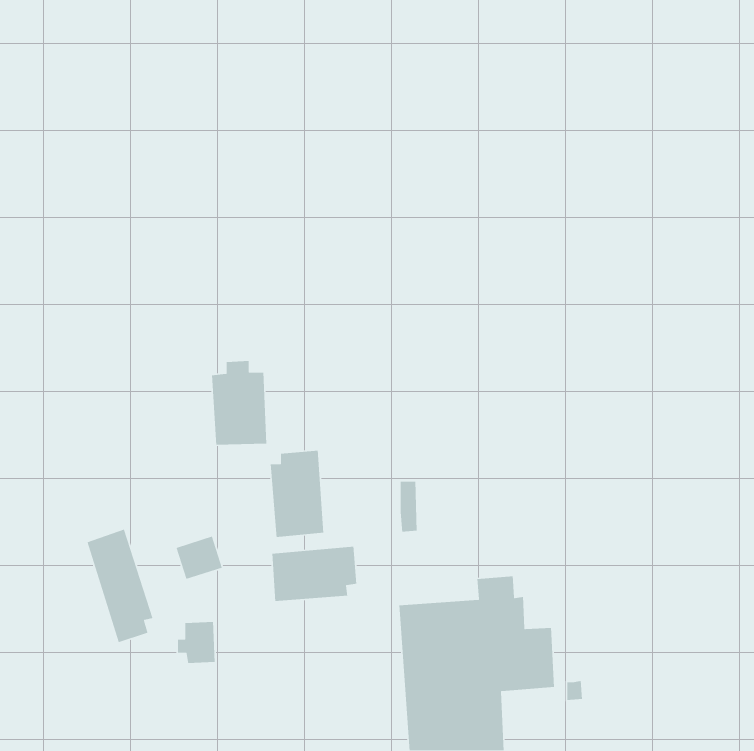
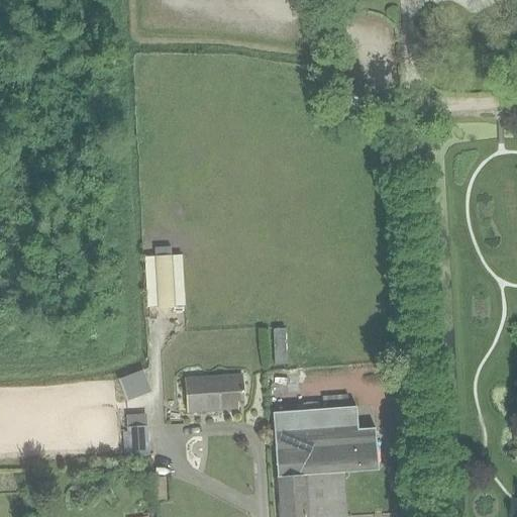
building: [270,450,324,538] -> none
building: [87,528,153,643] -> none

